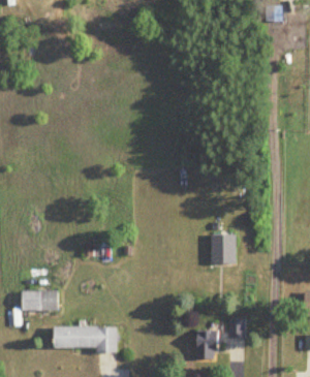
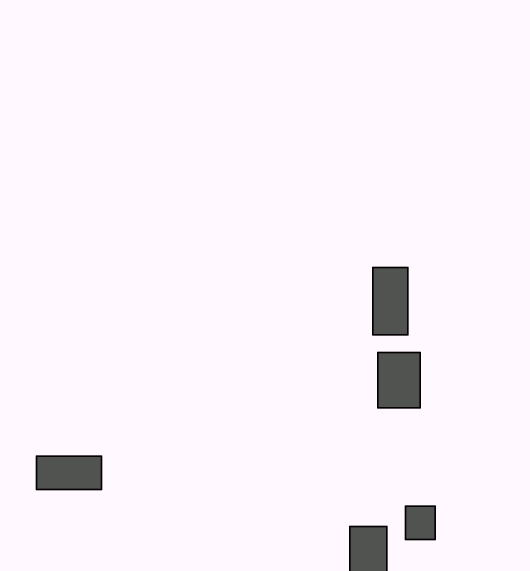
building: none -> [373,267,408,335]
building: [54,326,117,349] -> none

